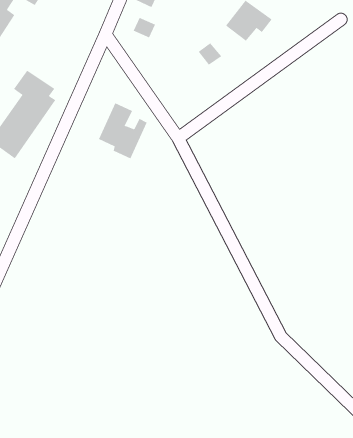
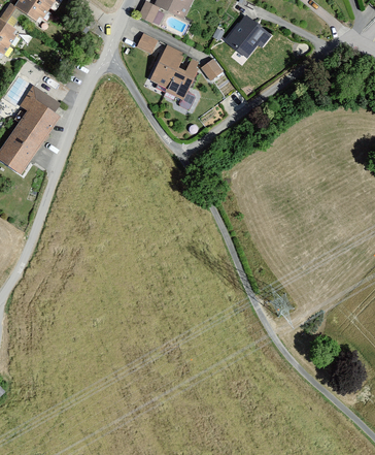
building: [98,102,147,159] -> [150,43,199,99]

